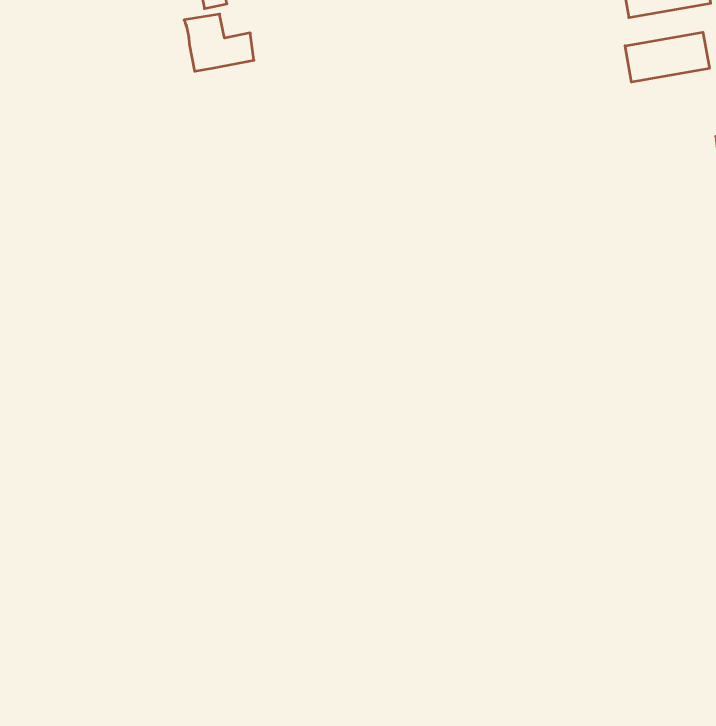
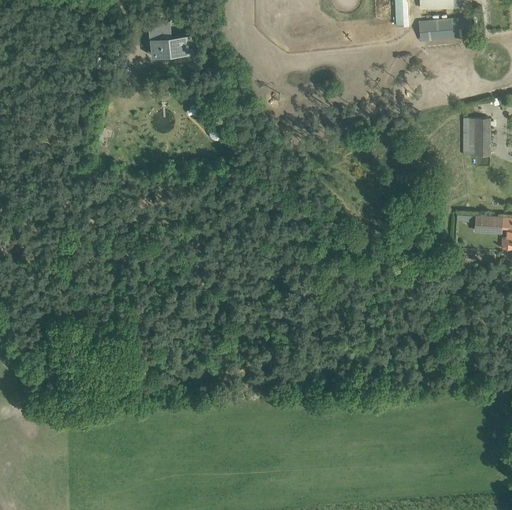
building: [625,32,709,82] -> none

